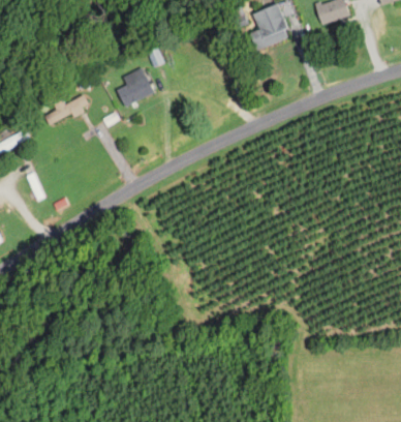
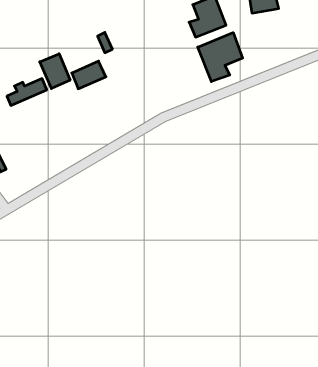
building: none -> [198,33,243,82]
building: none -> [40,54,70,89]

